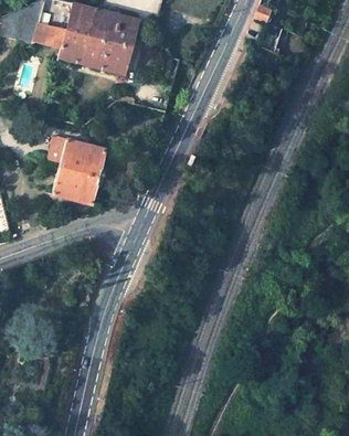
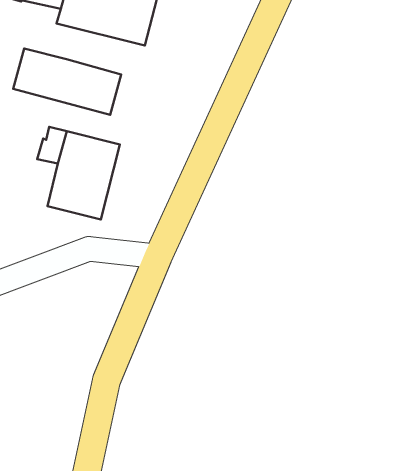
building: none -> [13,48,121,115]

